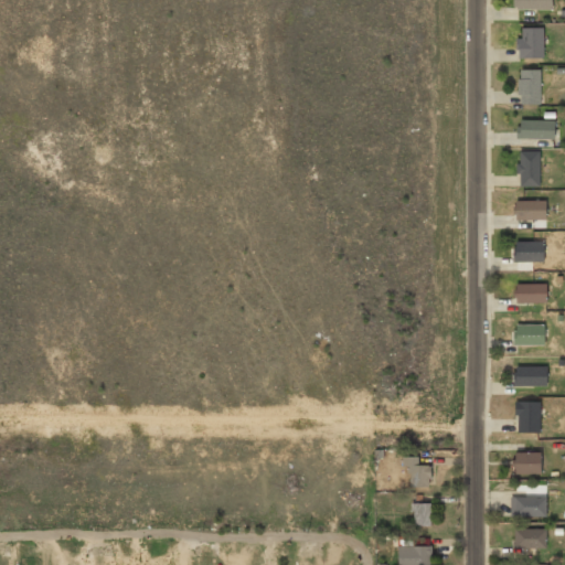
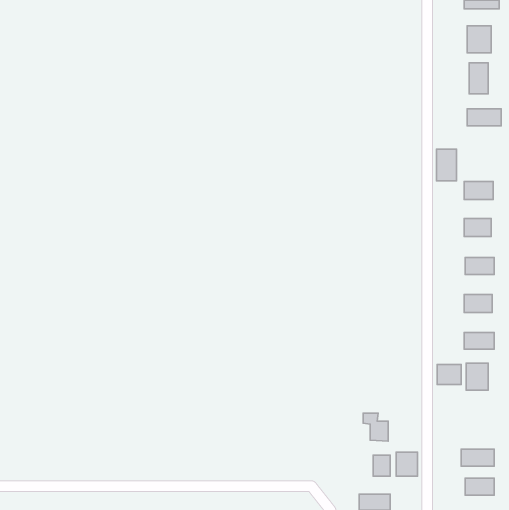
building: [519,151,541,186] -> [437,149,457,181]
building: [514,451,541,473] -> [437,364,461,384]
building: none -> [396,452,418,476]

